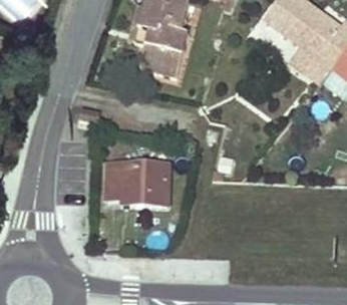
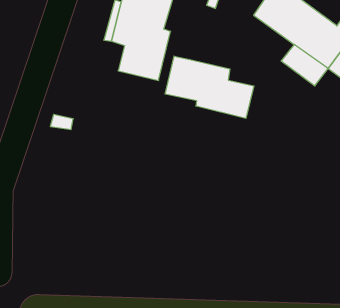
building: none -> [165,56,254,118]
building: [105,163,168,205] -> none

